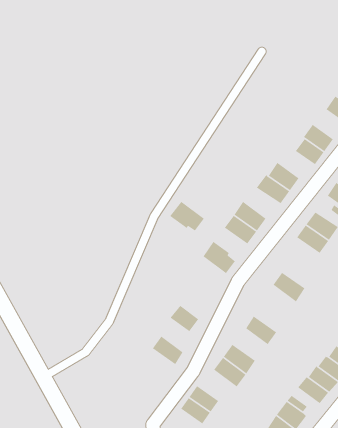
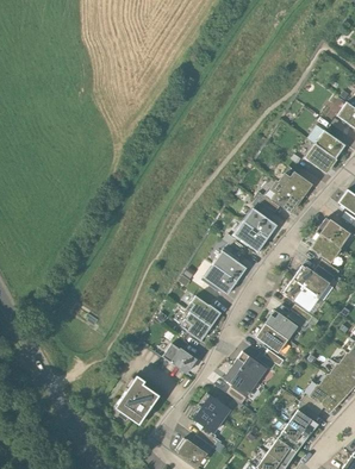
building: [169,201,205,232] -> [201,263,237,294]
building: none -> [293,264,328,295]
building: none -> [186,295,220,326]
building: none -> [264,308,301,340]
building: none -> [114,375,158,424]

